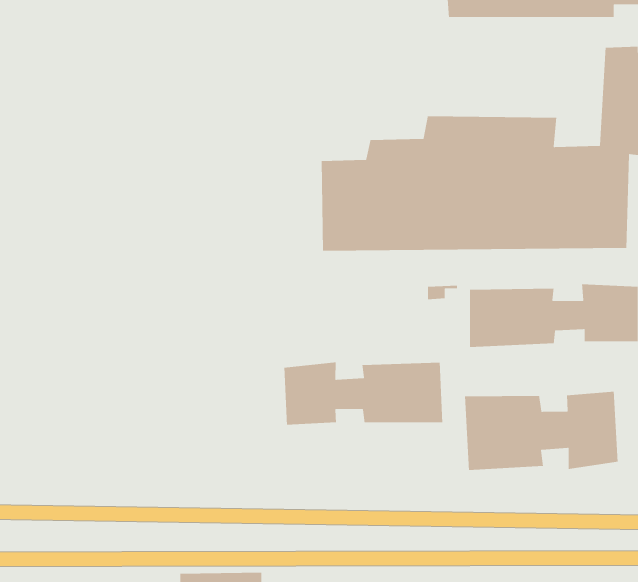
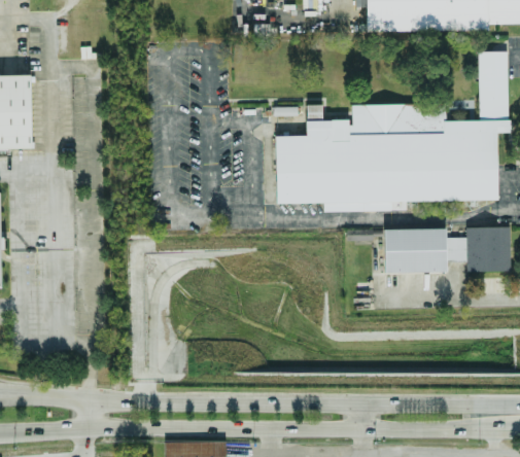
building: [283,361,443,425] -> none
building: [464,391,618,471] -> none

